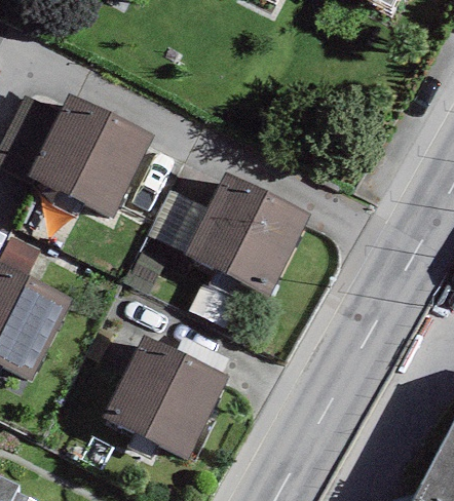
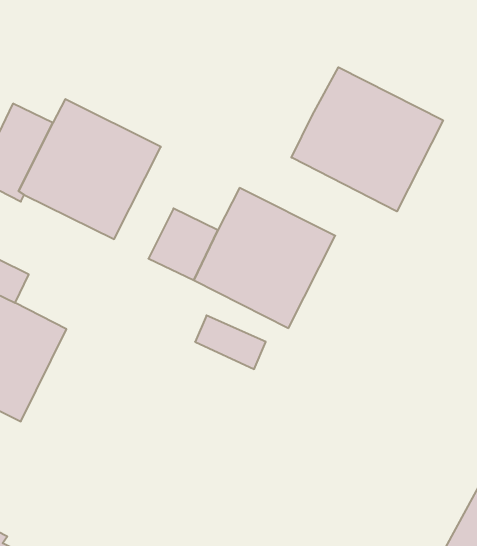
building: none -> [291,67,443,211]
building: [99,335,227,462] -> none

